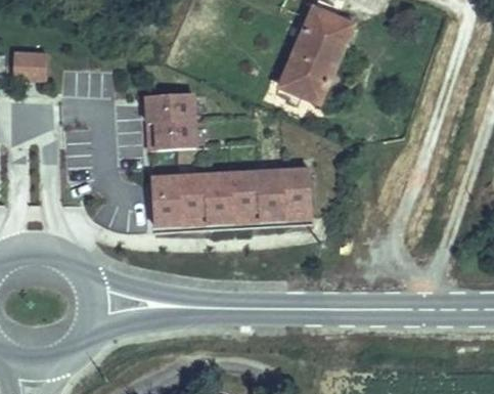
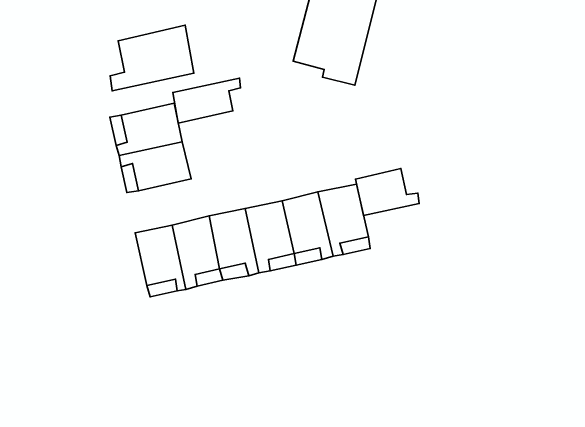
building: none -> [110,25,194,91]
building: none -> [173,78,241,123]
building: none -> [356,168,419,215]

